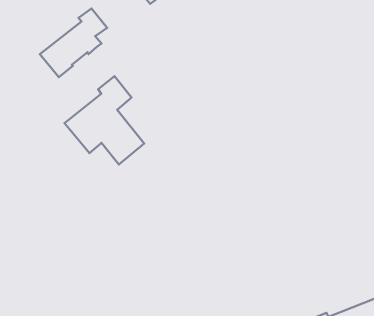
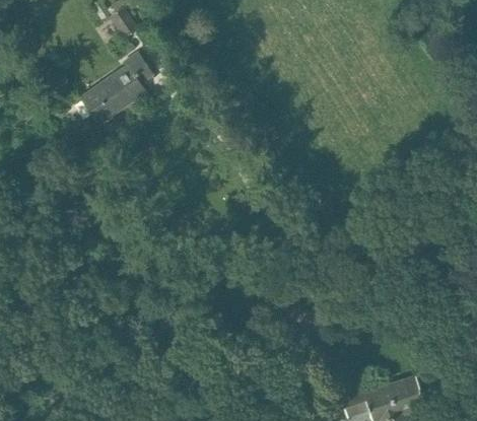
building: [65,76,144,164] -> none

